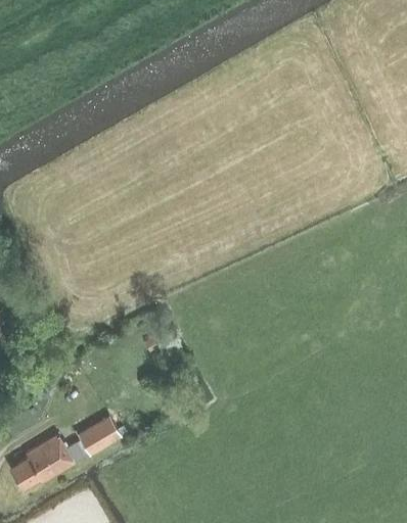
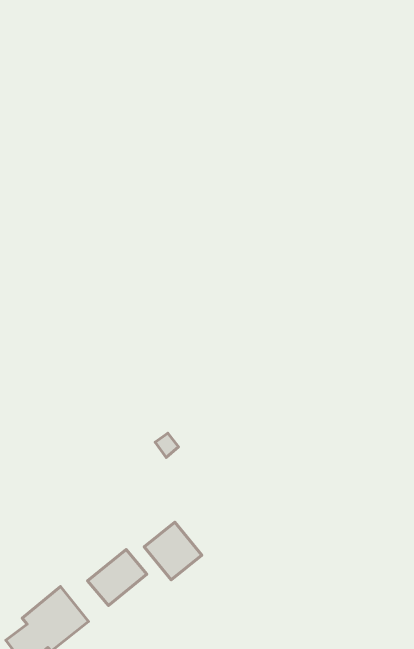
building: none -> [144,522,202,580]

